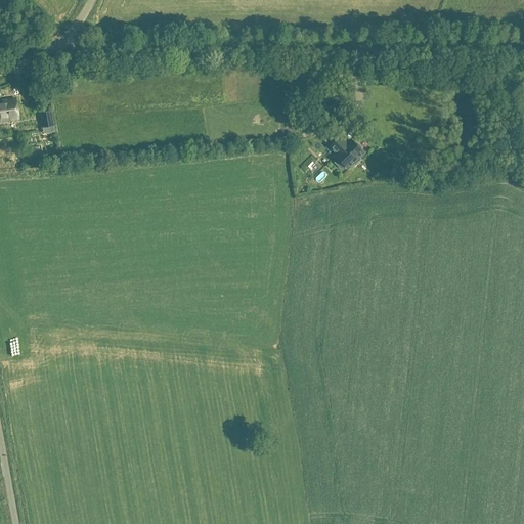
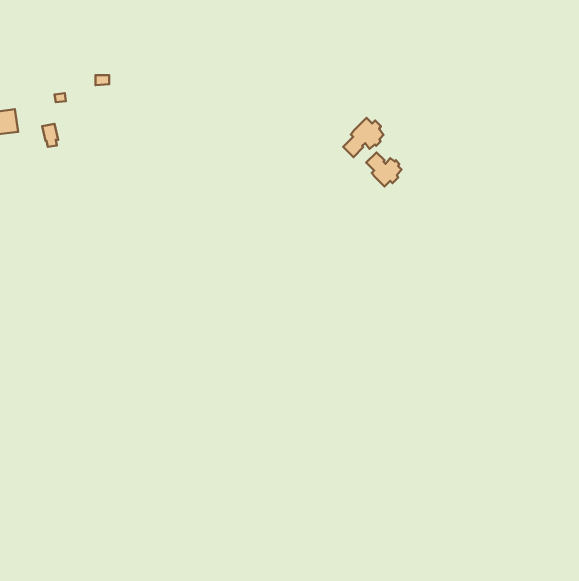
building: none -> [343,118,384,157]

